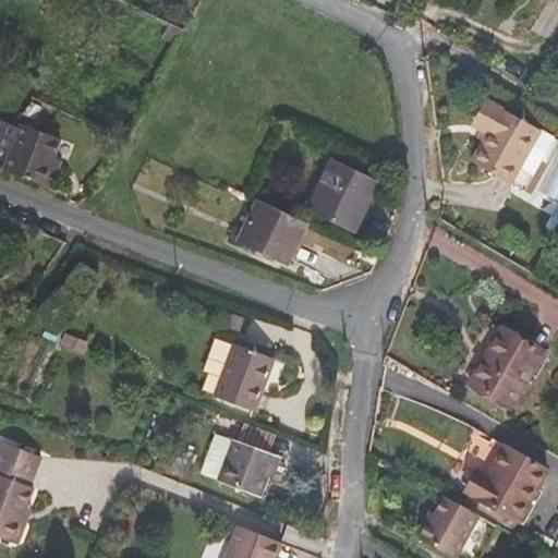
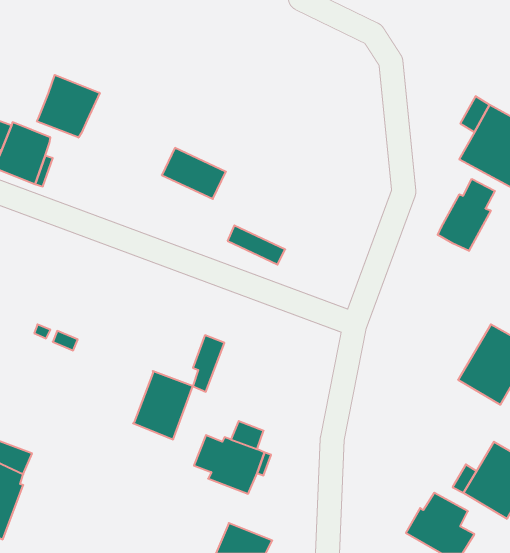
building: none -> [37,75,100,138]
building: [310,160,377,230] -> none
building: none -> [438,179,495,251]
building: [243,199,307,251] -> [162,148,226,199]
building: [214,342,274,411] -> [133,371,193,439]

